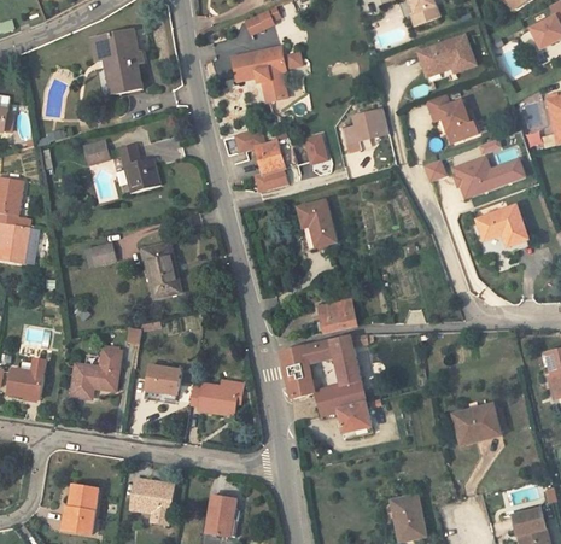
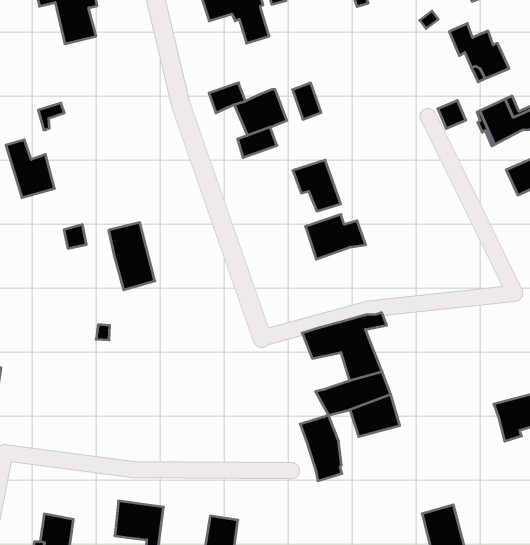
building: [341,110,386,152] -> none
building: [121,144,159,192] -> [6,140,55,198]
building: [315,297,364,333] -> [305,214,366,259]
building: [274,345,306,399] -> [300,415,342,481]
building: [69,347,118,394] -> none
building: [147,365,181,396] -> none
building: [194,384,241,415] -> none

